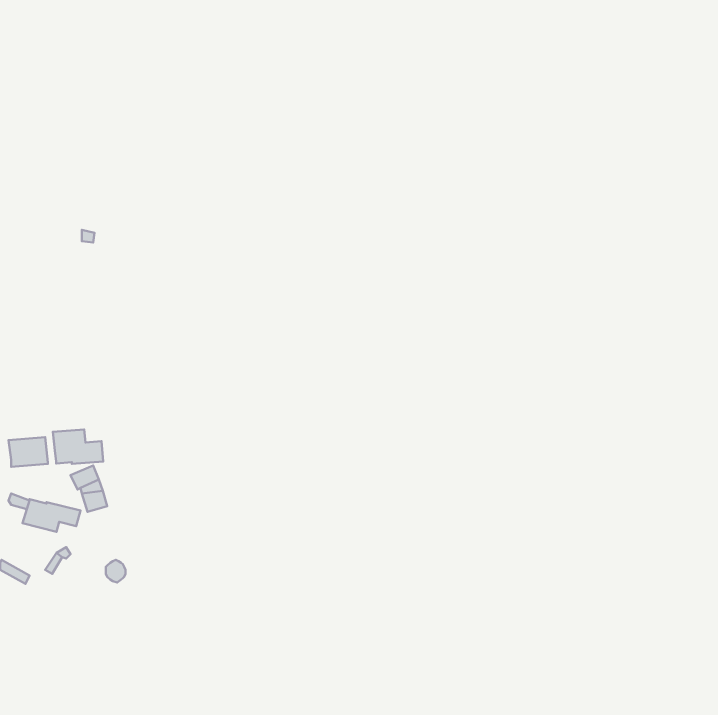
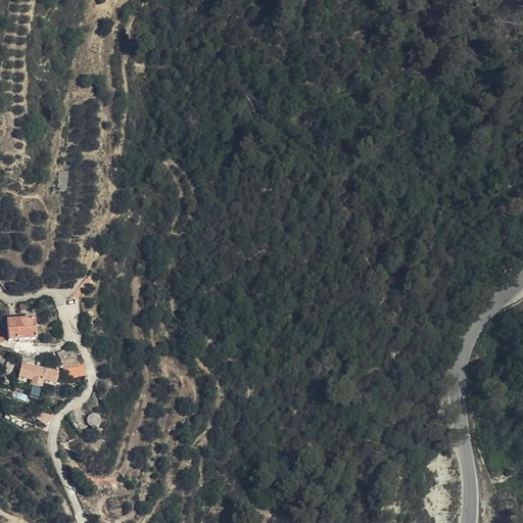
building: [53,430,103,464] -> none

